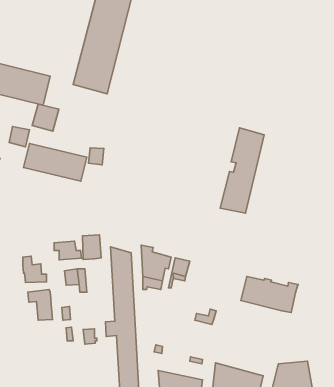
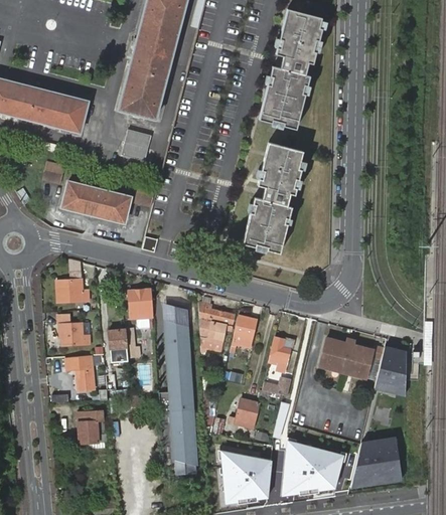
building: none -> [267,16,320,125]
building: [32,104,59,131] -> [120,130,151,162]
building: [220,128,264,213] -> [253,147,305,247]
building: [54,241,81,260] -> [55,279,88,301]
building: none -> [269,336,292,374]
building: none -> [375,345,406,395]
building: none -> [235,398,259,426]
building: none -> [77,409,107,449]

